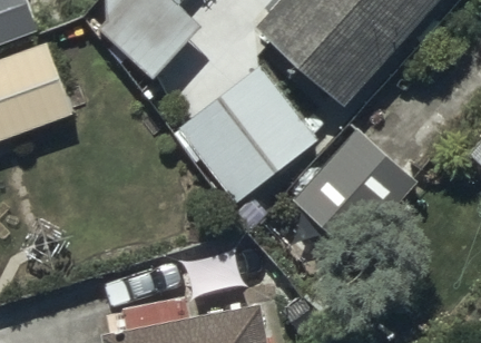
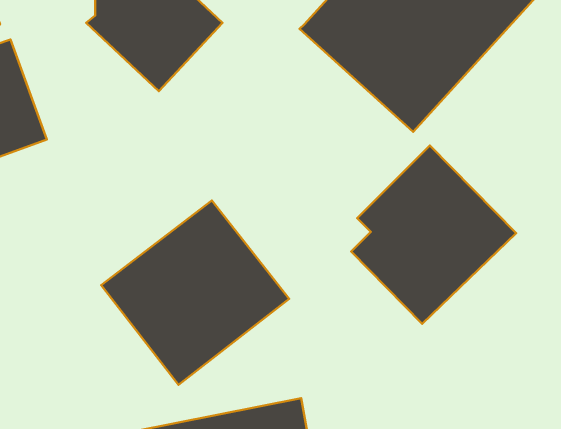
building: [178,66,316,202] -> [101,200,289,385]

